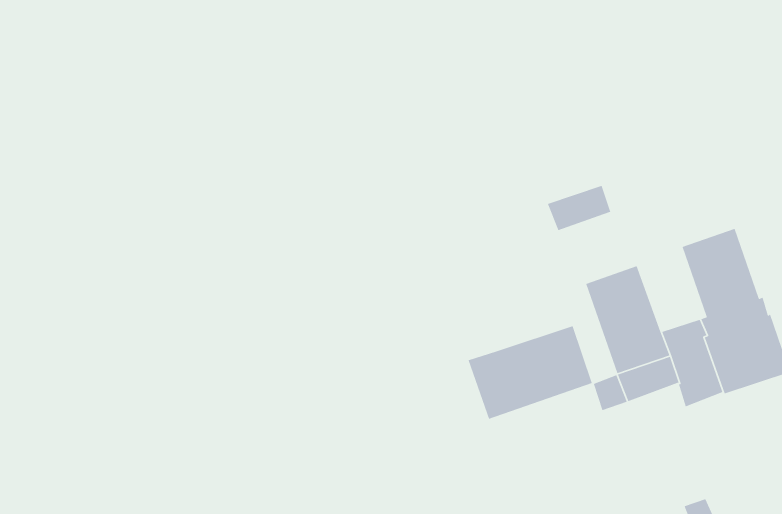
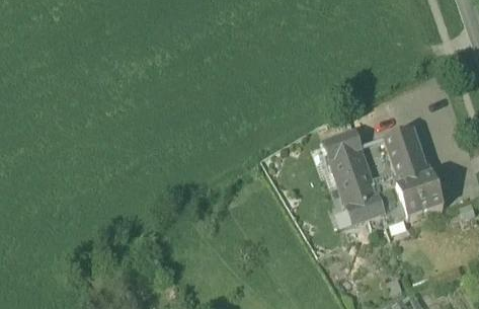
building: [547,185,611,231] -> [324,135,360,160]
building: [467,325,593,420] -> none

